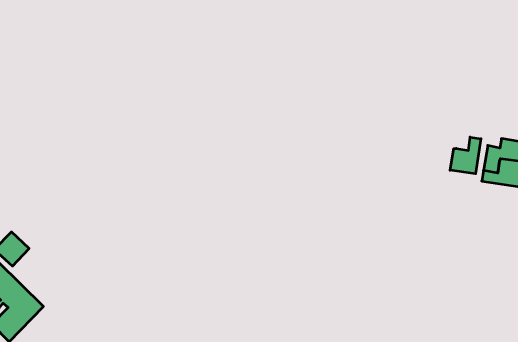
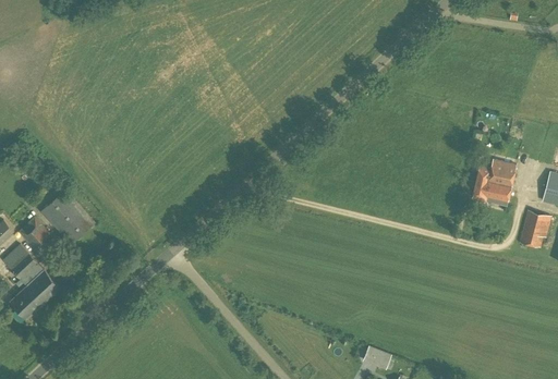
building: [450,137,481,174] -> none
building: none -> [40,188,96,245]

